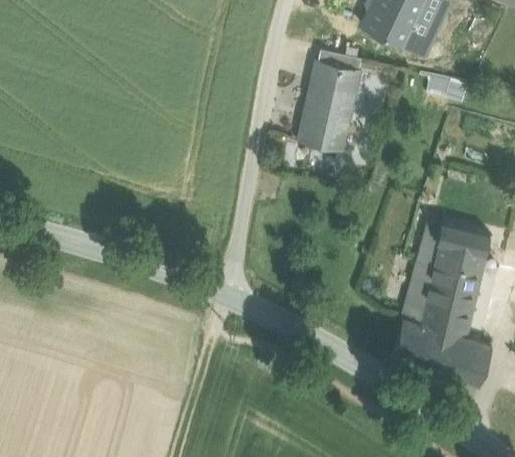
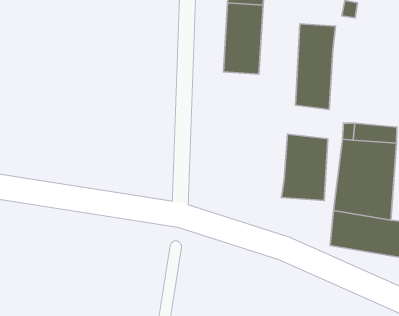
building: none -> [296,24,335,109]
building: none -> [282,134,328,201]

